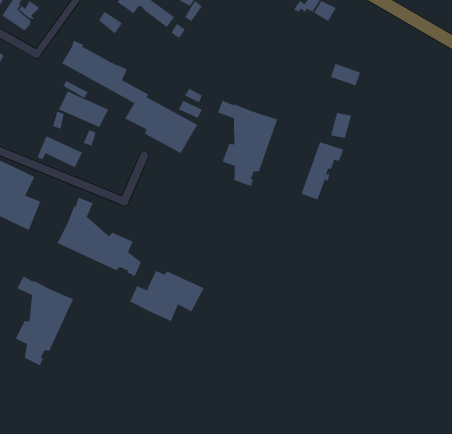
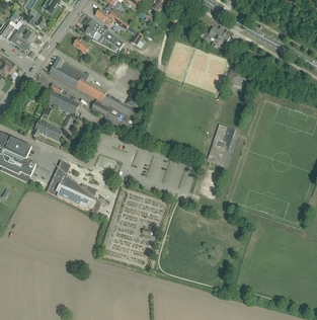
building: [217,100,278,187] -> none
building: [130,270,204,322] -> none
building: [15,276,74,366] -> none

